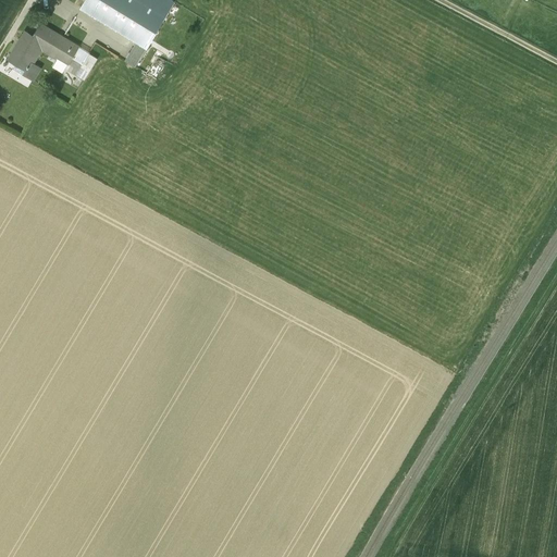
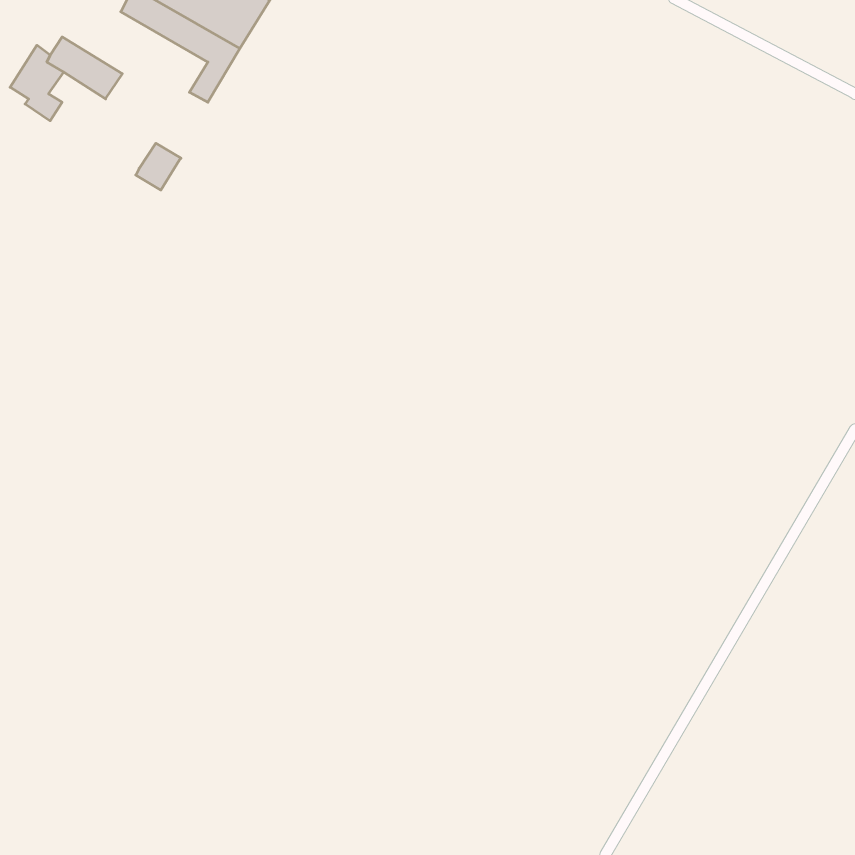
building: [66,48,96,78] -> [136,143,181,190]

